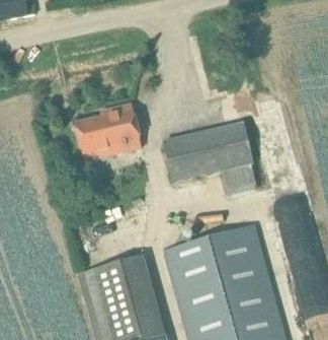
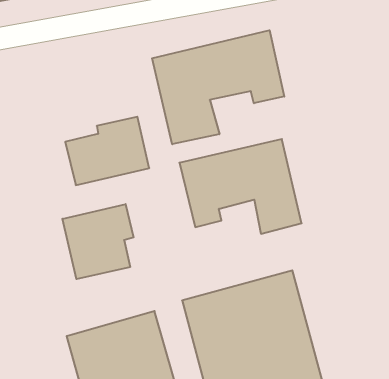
building: none -> [152,30,284,144]
building: none -> [62,204,134,279]

